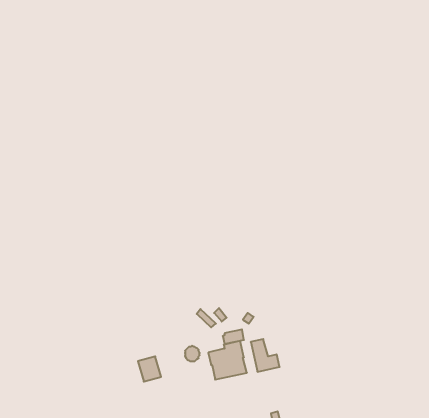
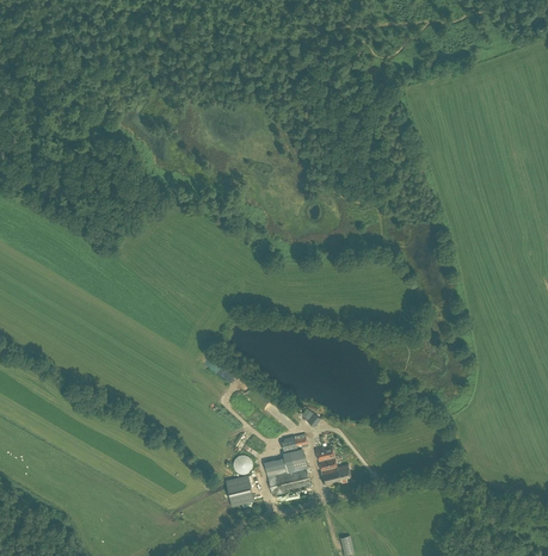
building: [138,356,161,382] -> [224,475,253,506]

